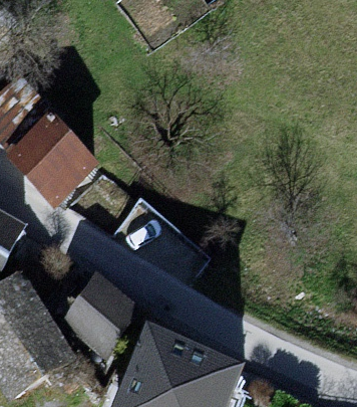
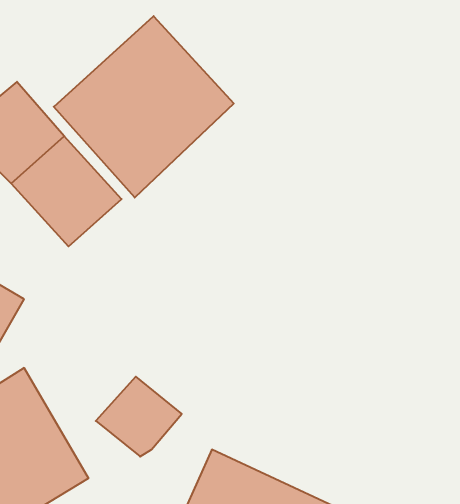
building: none -> [54,16,234,198]

